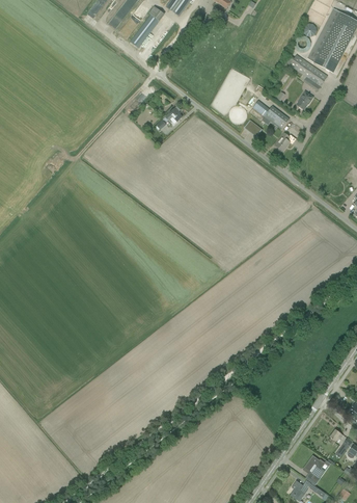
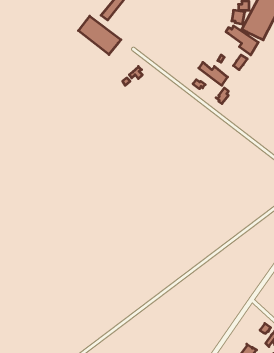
building: none -> [78,16,121,55]

